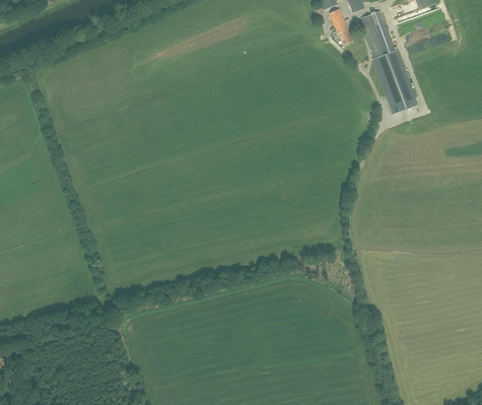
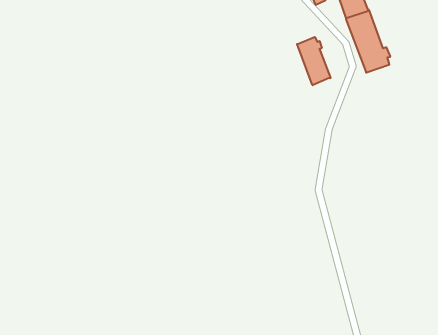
building: none -> [297,37,331,85]

